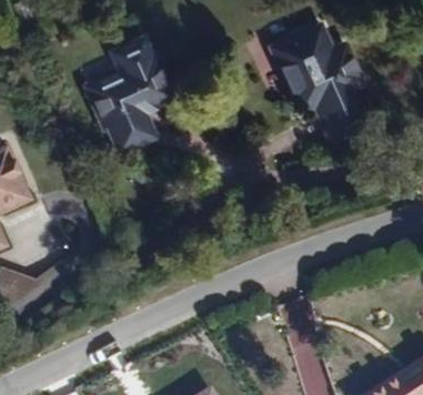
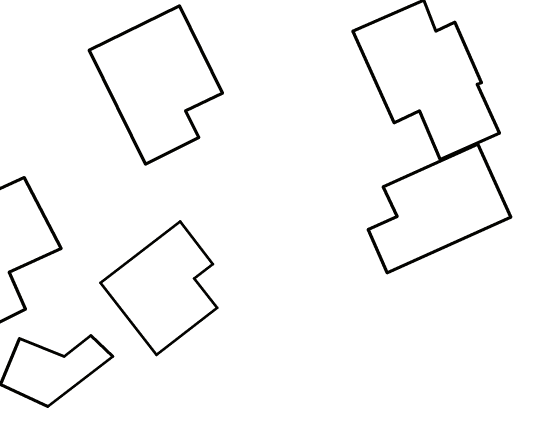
building: none -> [368,144,511,273]
building: none -> [101,222,217,355]

